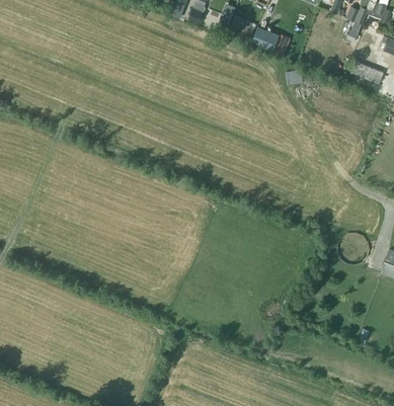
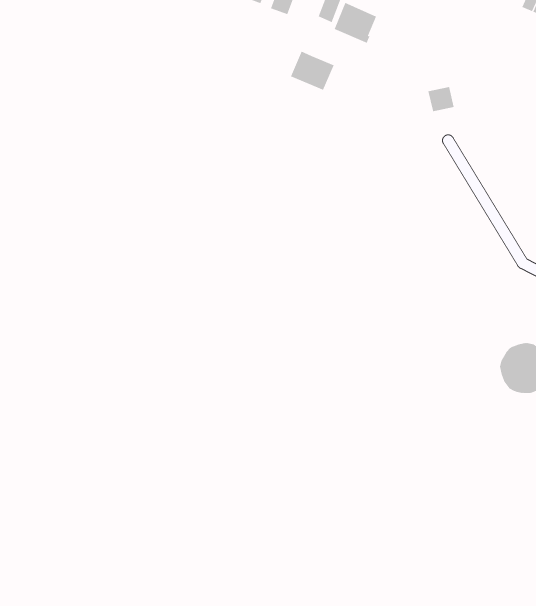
building: [251,26,280,52] -> [290,51,335,91]

